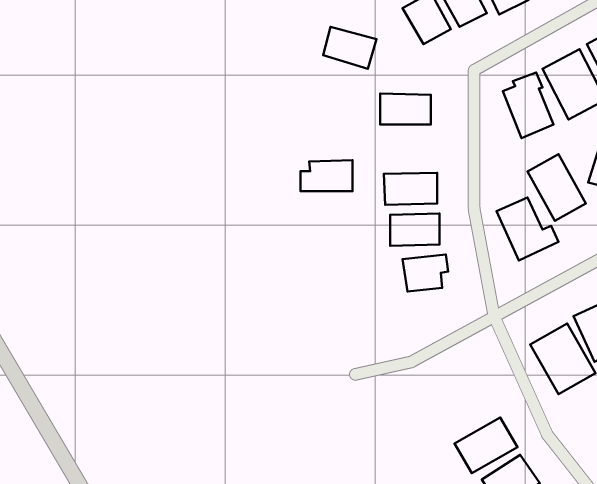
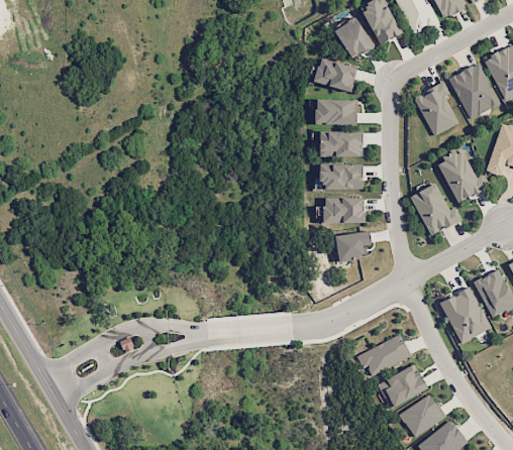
building: [323,27,376,69] -> [314,58,357,92]
building: [300,160,352,191] -> [320,131,363,156]
building: none -> [358,334,411,375]

